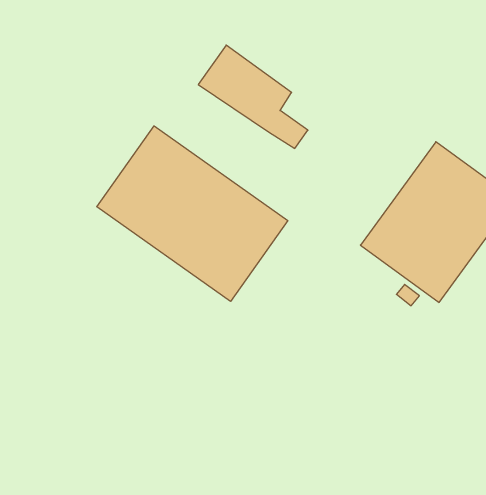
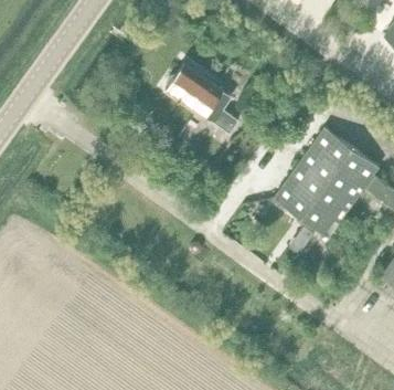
building: [97,126,288,301] -> none

